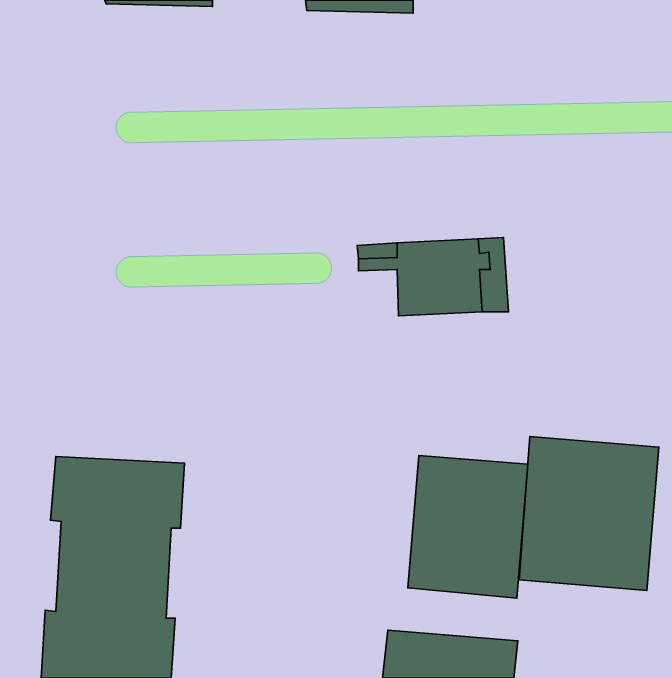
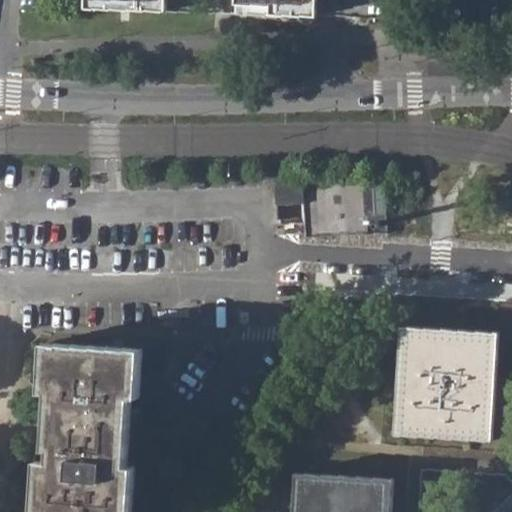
building: [408,455,528,598] -> none

